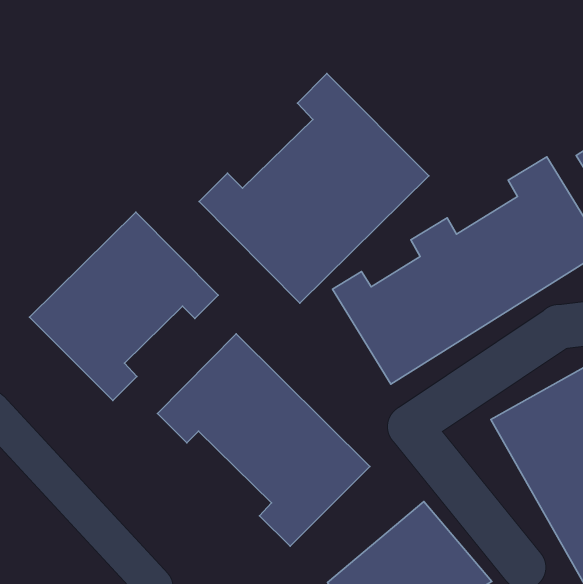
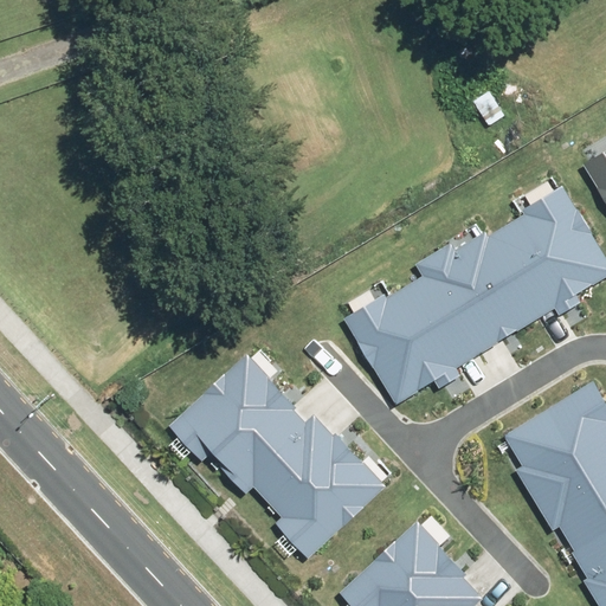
building: [199,74,429,303] -> none
building: [30,212,218,401] -> none

